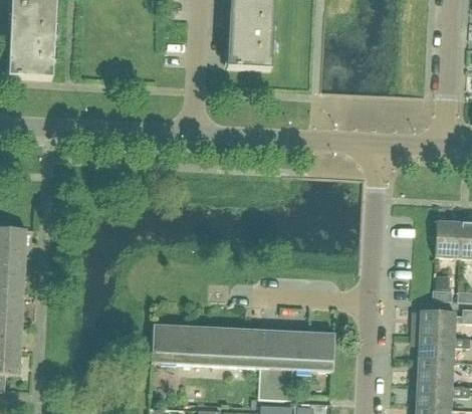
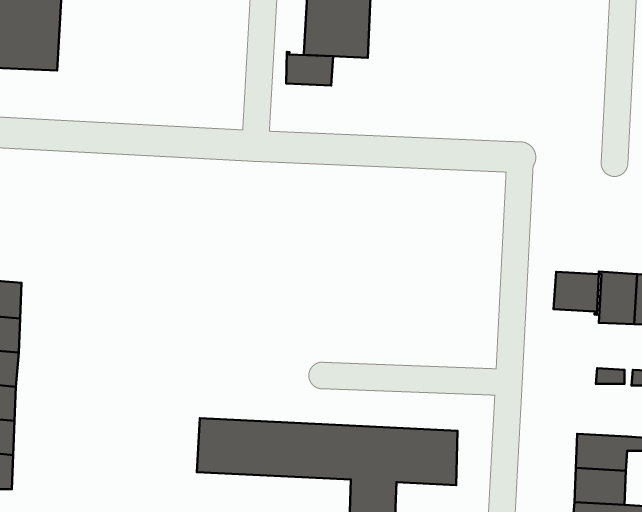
building: none -> [286,52,333,86]
building: none -> [553,272,599,315]
building: [413,309,456,337] -> none

